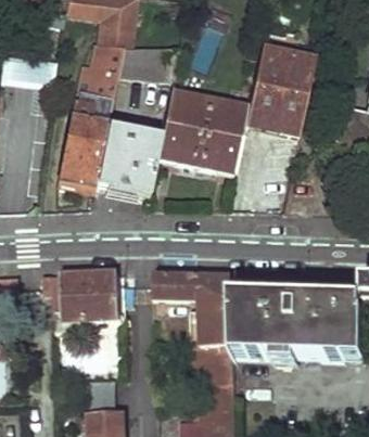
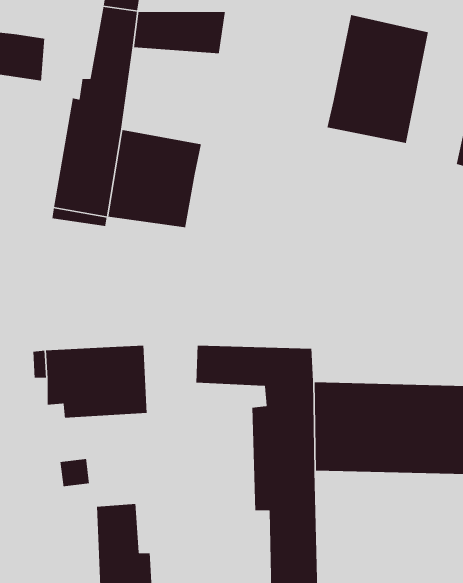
building: [154,88,247,172] -> none

